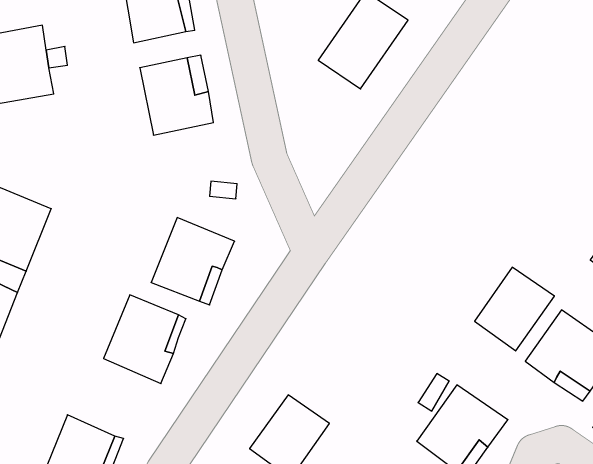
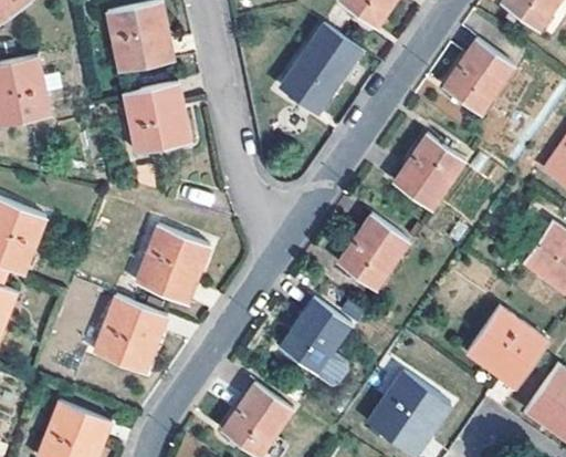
building: none -> [444,39,515,114]
building: none -> [394,135,465,209]
building: [475,267,554,351] -> [338,216,409,290]
building: none -> [280,300,350,384]

